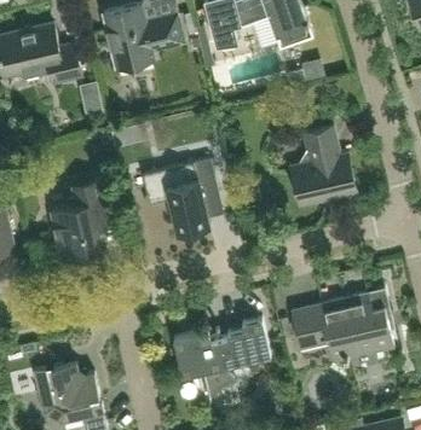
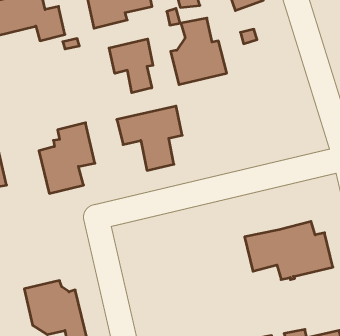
building: none -> [109,39,153,93]
building: [290,128,356,205] -> [171,18,227,85]
building: [173,319,270,400] -> none

